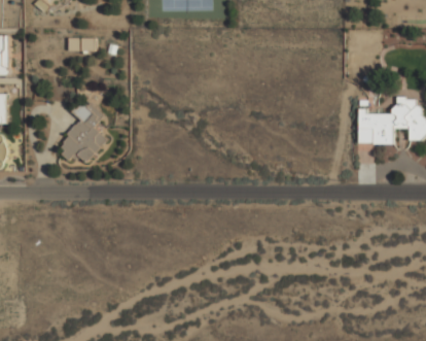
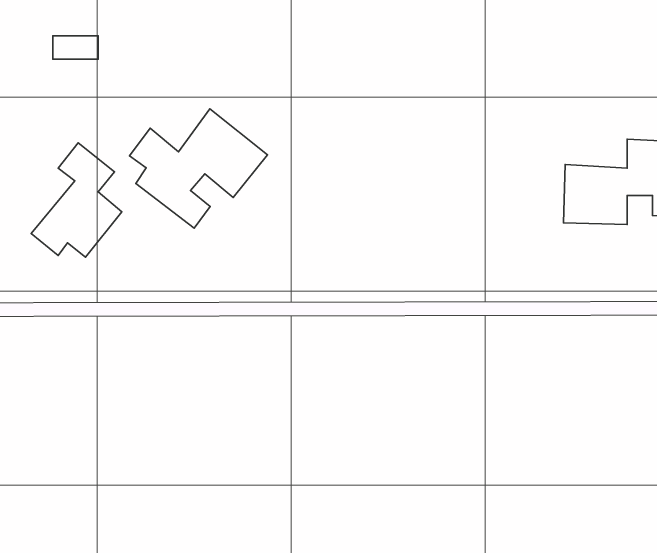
building: none -> [129,109,267,228]

